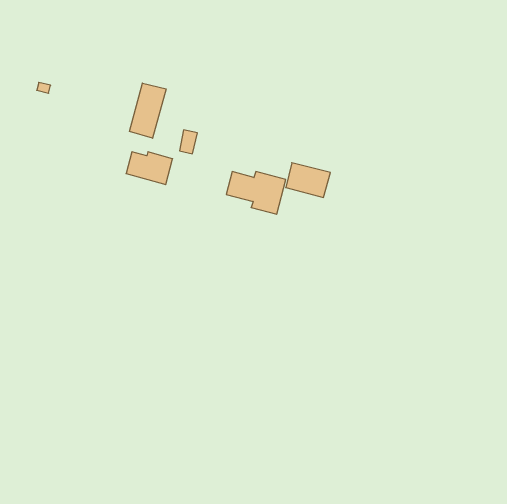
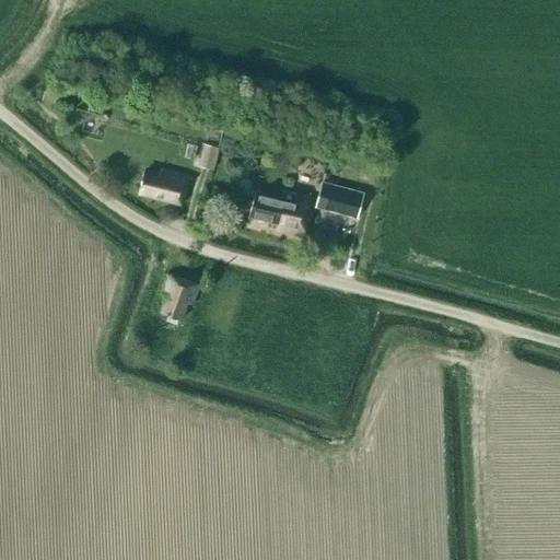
building: [129,83,166,138] -> none
building: none -> [161,277,200,320]

